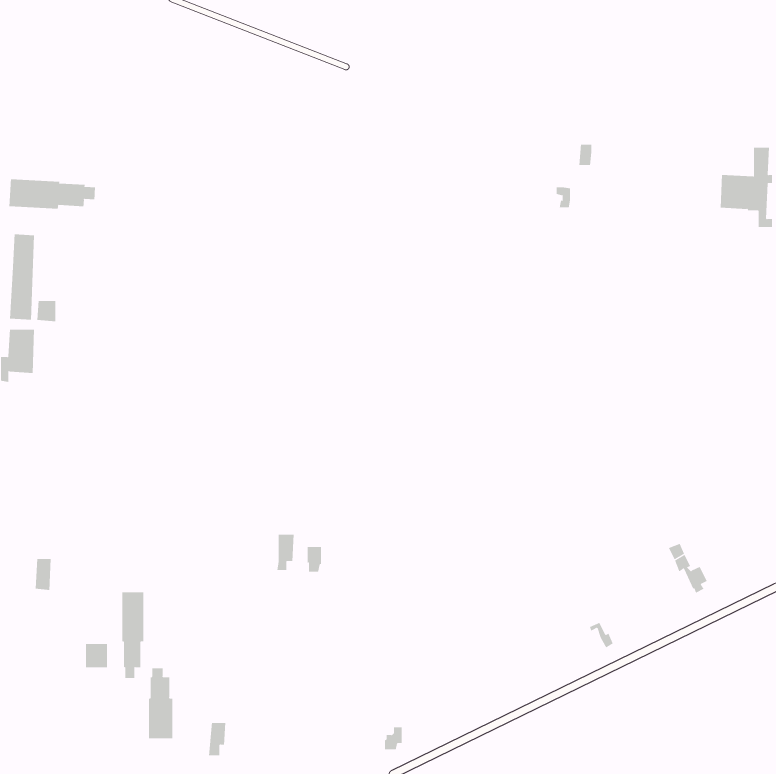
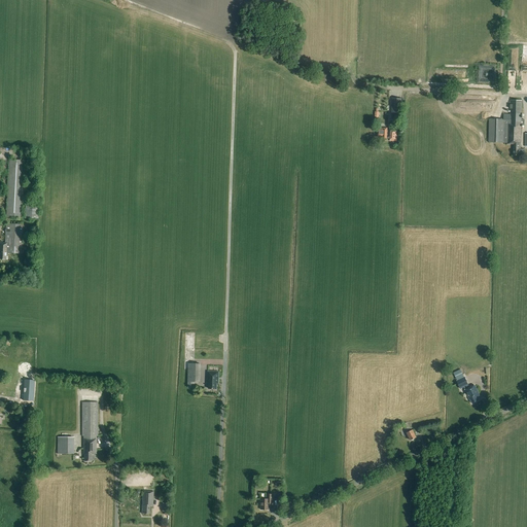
building: [9,178,96,209] -> none
building: [148,668,173,739] -> none

